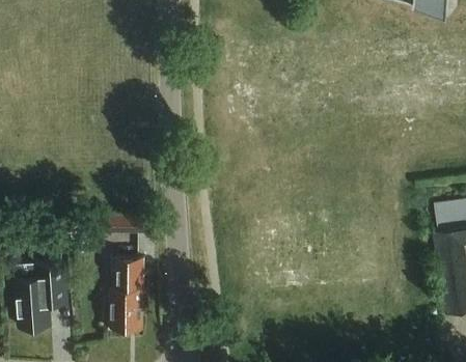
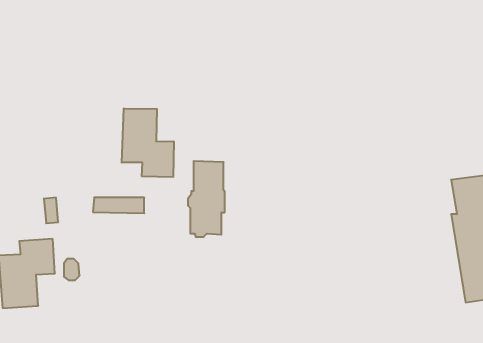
building: none -> [122,108,174,177]
building: [110,261,144,332] -> [188,161,225,237]

